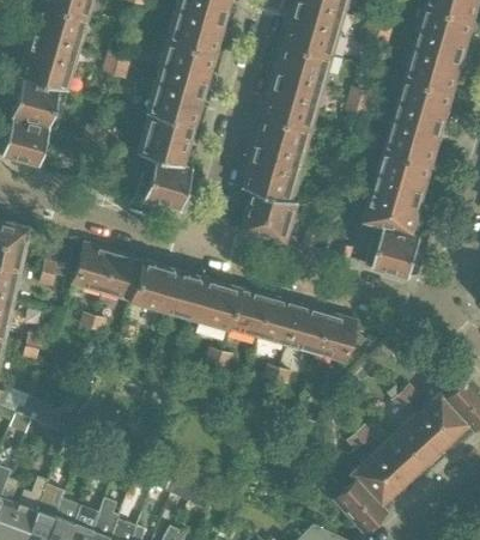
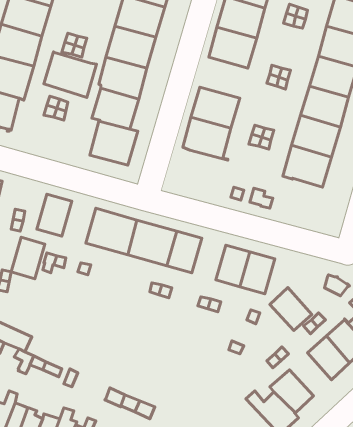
building: none -> [44,52,96,98]
building: [266,79,323,128] -> none
building: [243,190,299,243] -> none
building: [366,224,423,278] -> none
building: [101,251,141,302] -> [11,237,45,279]
building: [256,296,297,346] -> none
building: [373,433,424,485] -> [270,288,312,331]

